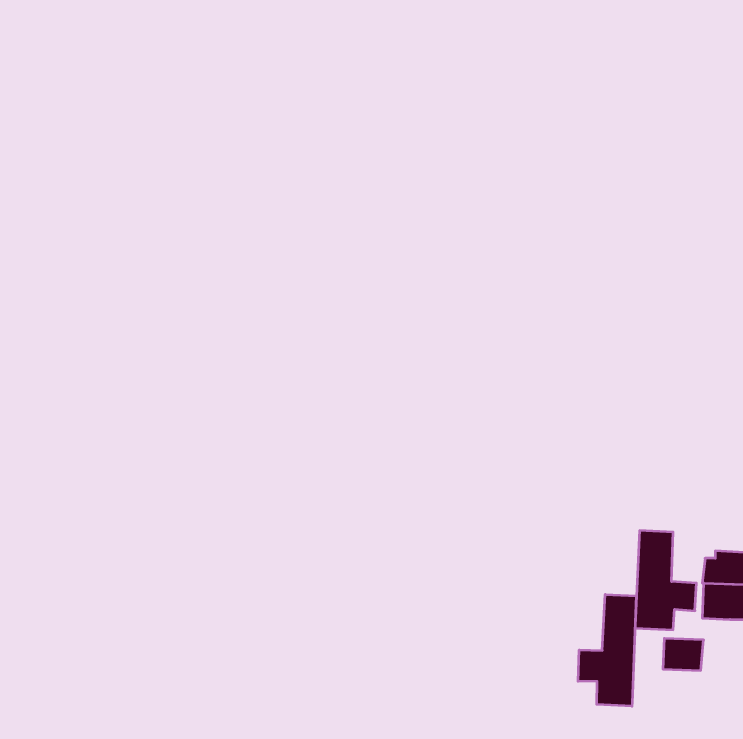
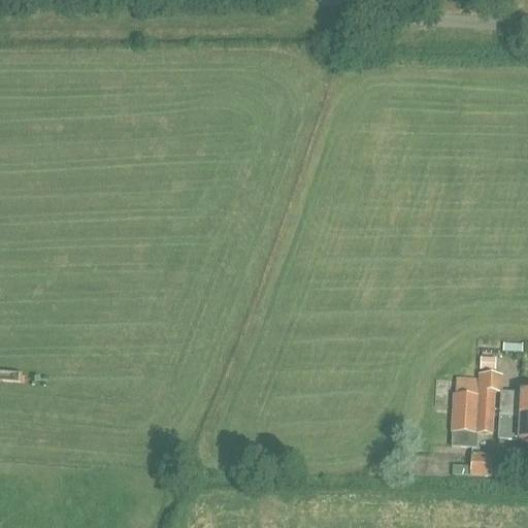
building: none -> [476,371,503,412]
building: [578,594,636,706] -> none

